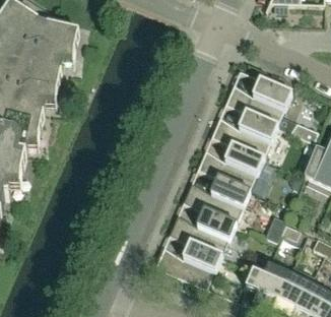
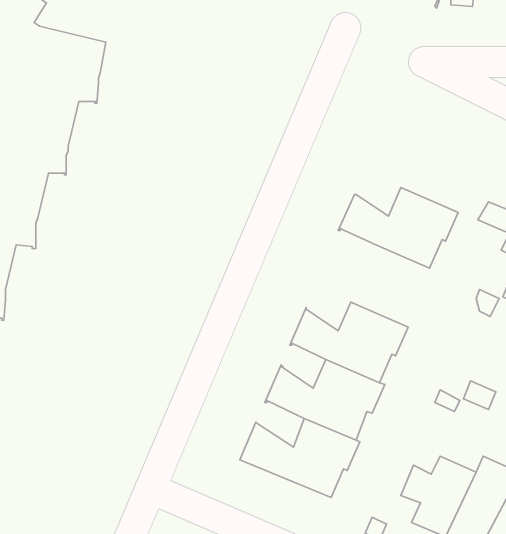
building: [224,78,292,126] -> none
building: [197,145,264,191] -> none

